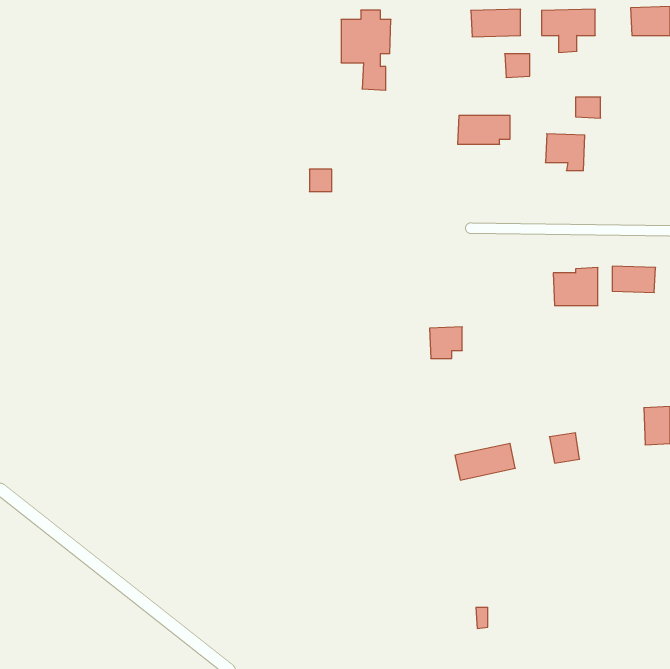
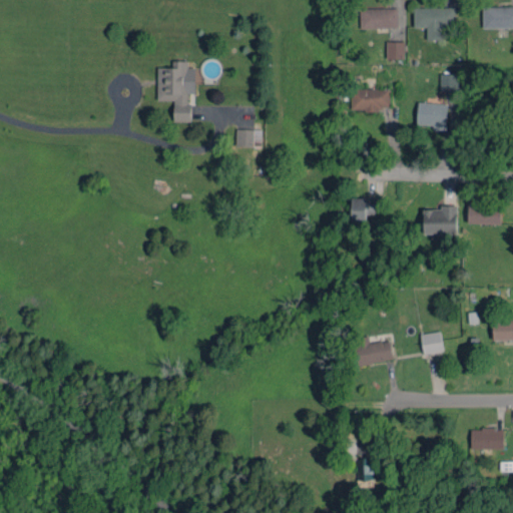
building: [341,10,391,90] -> [157,61,195,122]
building: [430,327,462,358] -> [351,197,376,221]
building: none -> [471,429,504,450]

